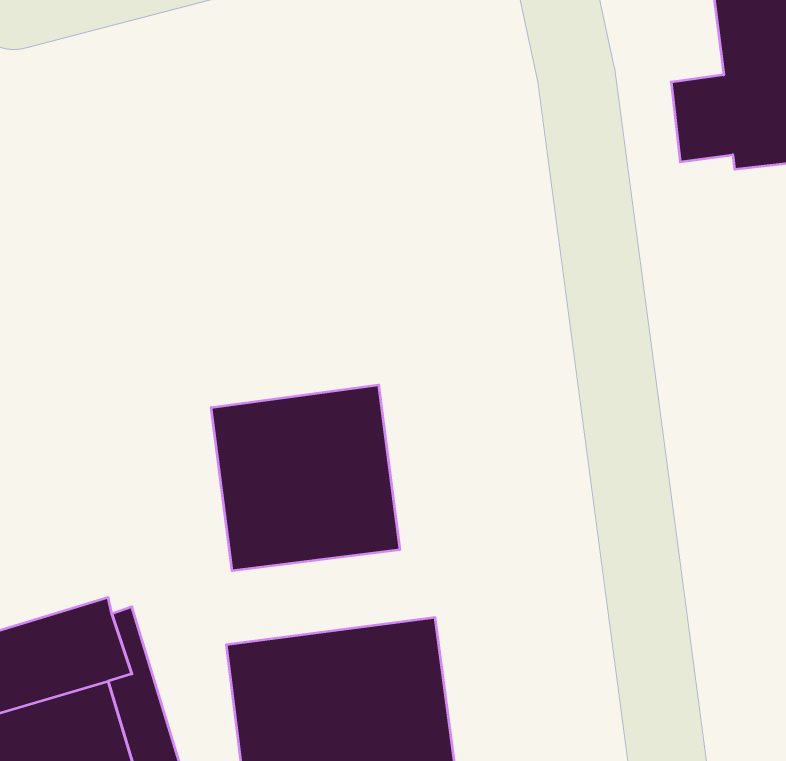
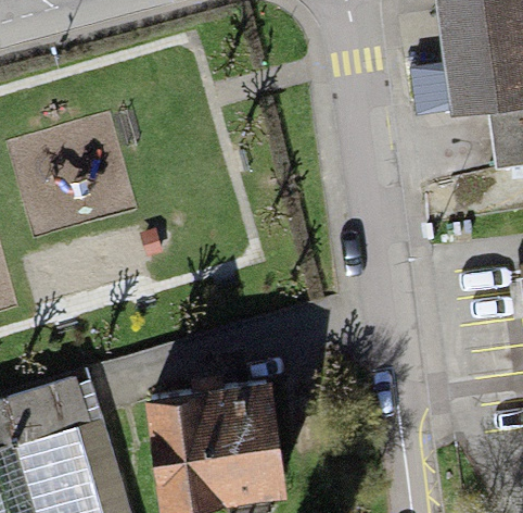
building: [211,385,400,571] -> none

